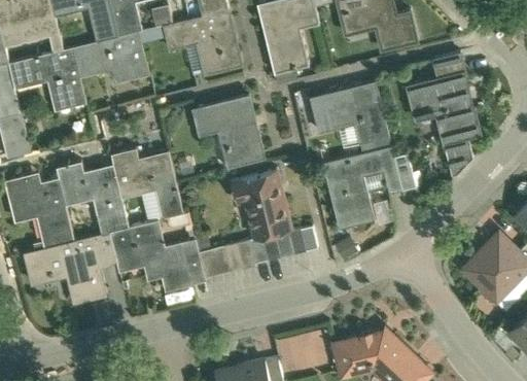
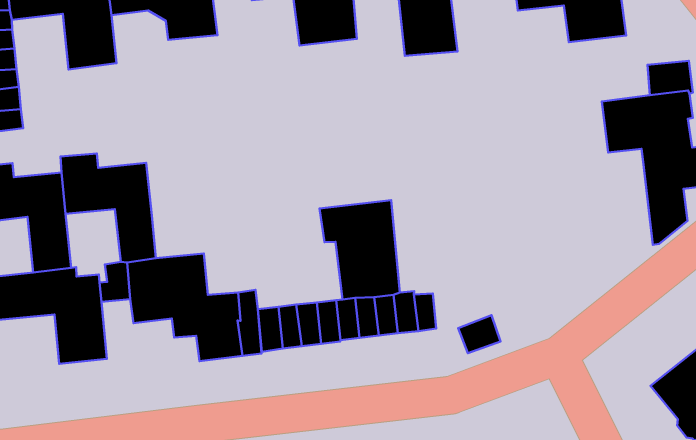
building: [311,81,388,141] -> none
building: [192,96,264,168] -> none
building: [322,145,416,228] -> none
building: [111,148,182,218] -> none

